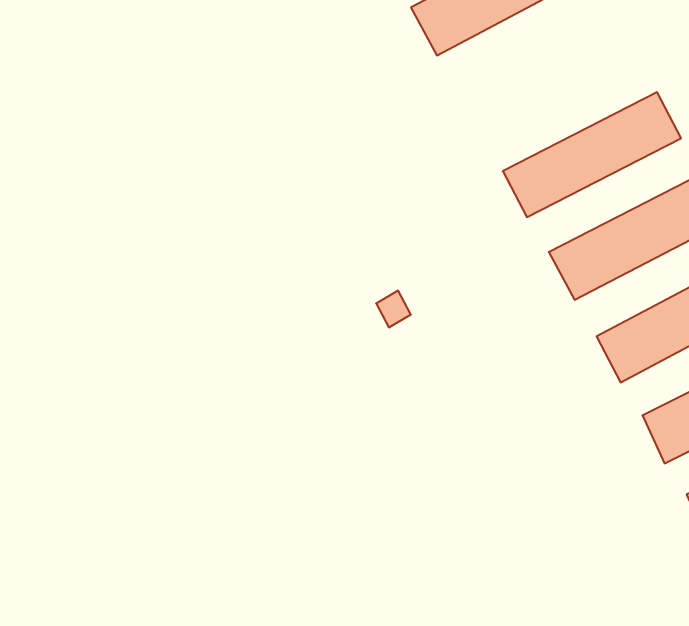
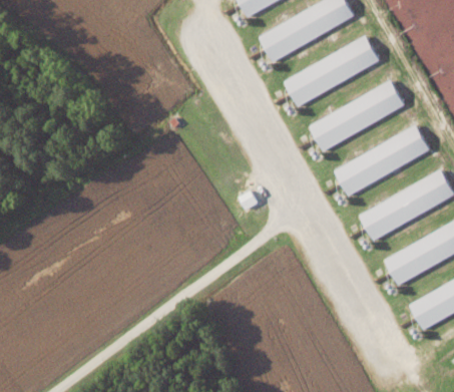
building: none -> [283,35,380,106]

